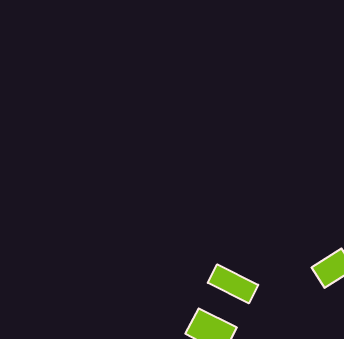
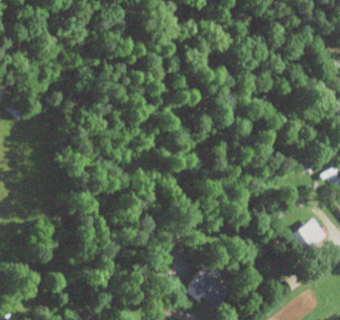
building: [208,264,258,303] -> none

